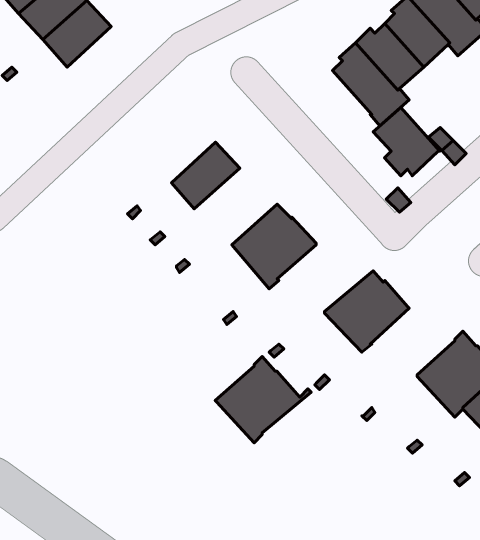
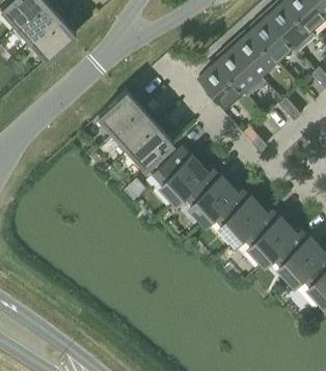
building: [373,107,440,176] -> [198,62,241,106]
building: none -> [98,90,141,134]
building: none -> [128,124,172,168]
building: none -> [240,208,294,262]
building: [215,356,311,443] -> [181,167,242,222]

